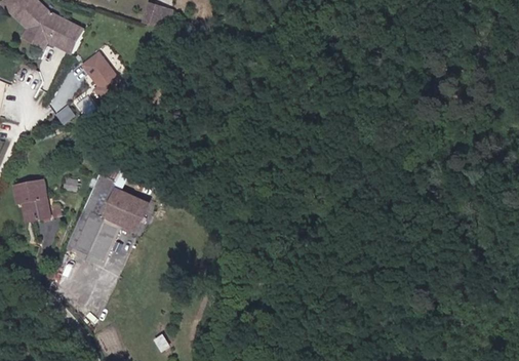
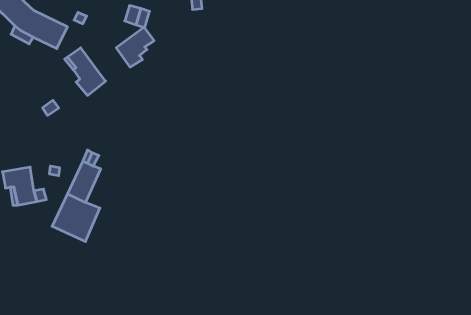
building: none -> [116,27,154,67]
building: [105,189,145,228] -> none

